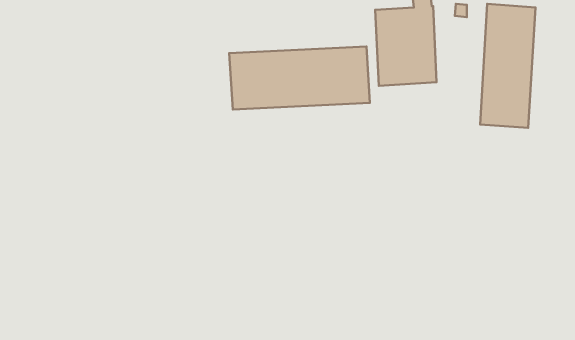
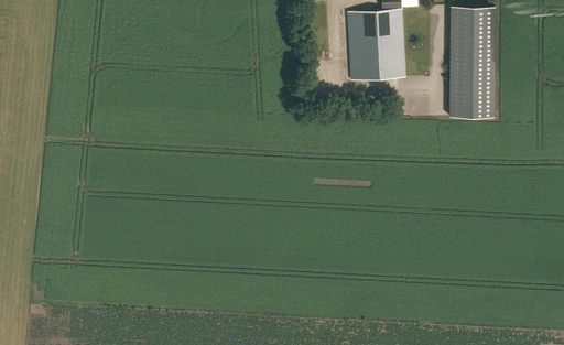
building: [229,47,370,109] -> none

